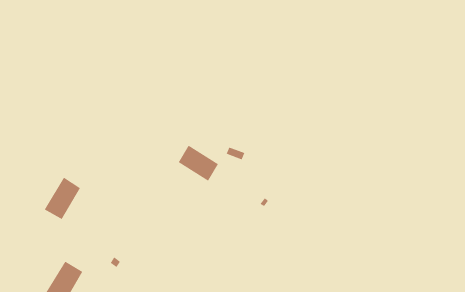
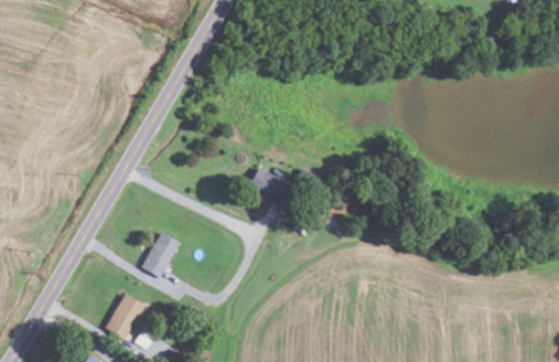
building: [44,177,81,220] -> [141,231,181,277]

